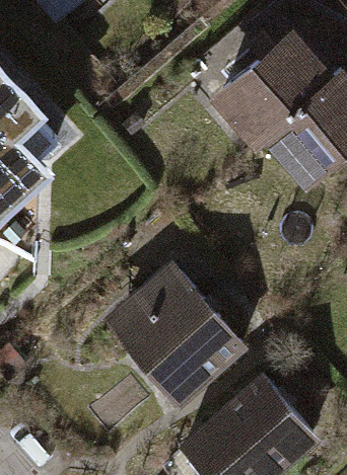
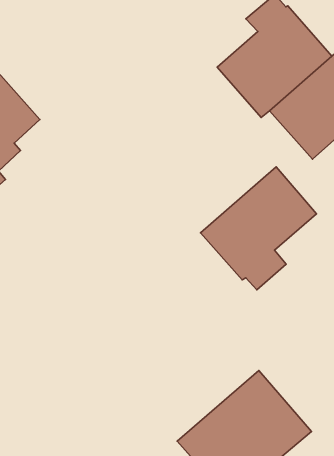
building: none -> [201,167,317,290]
building: [115,267,240,403] -> none

